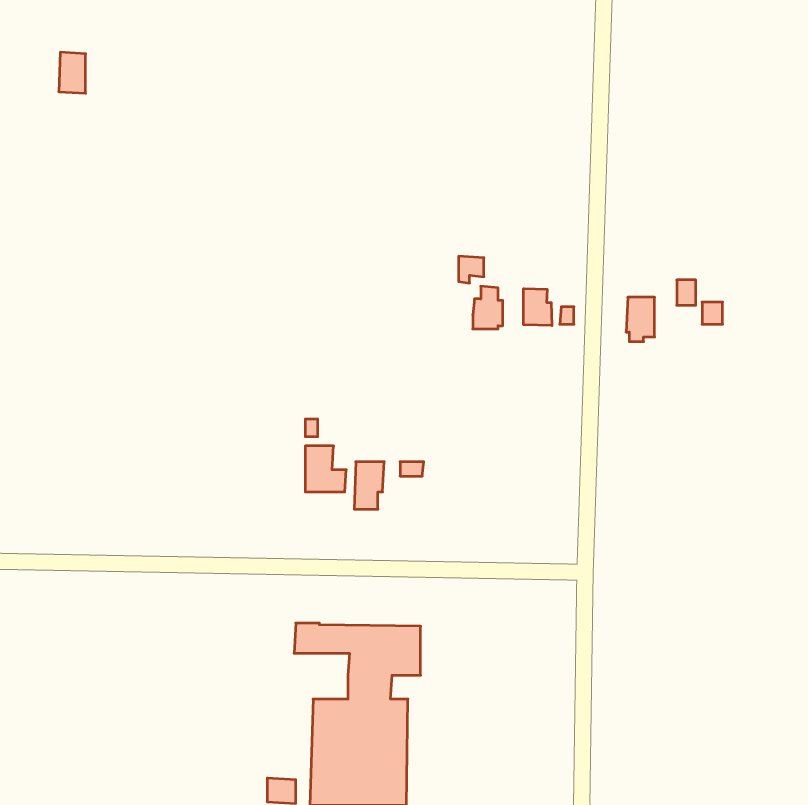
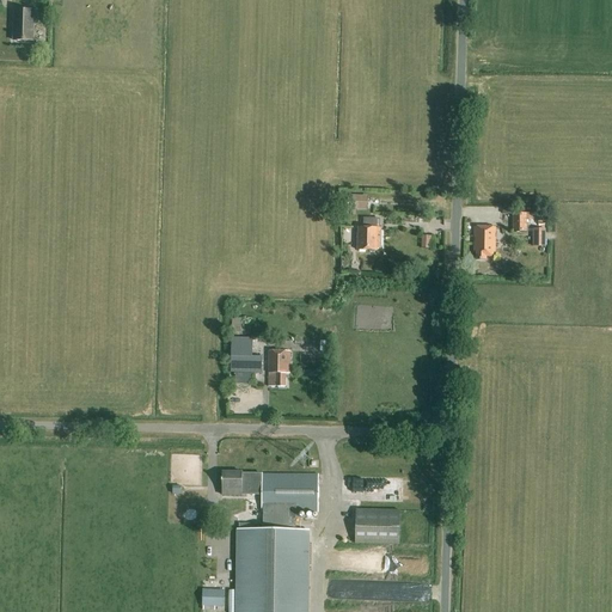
building: [59,52,86,93] -> [13,8,33,39]
building: [524,289,552,326] -> none
building: none -> [356,508,400,544]

